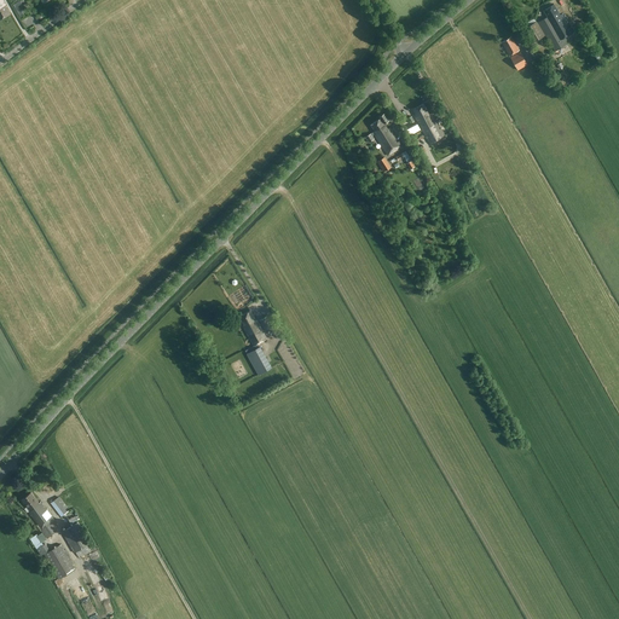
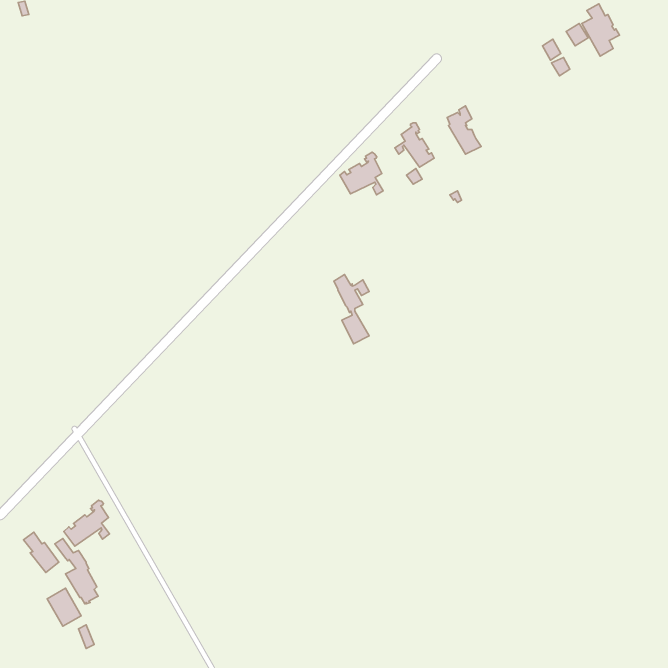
building: none -> [340,152,383,195]
building: [239,311,272,375] -> [334,275,369,344]
building: none -> [64,500,109,546]

